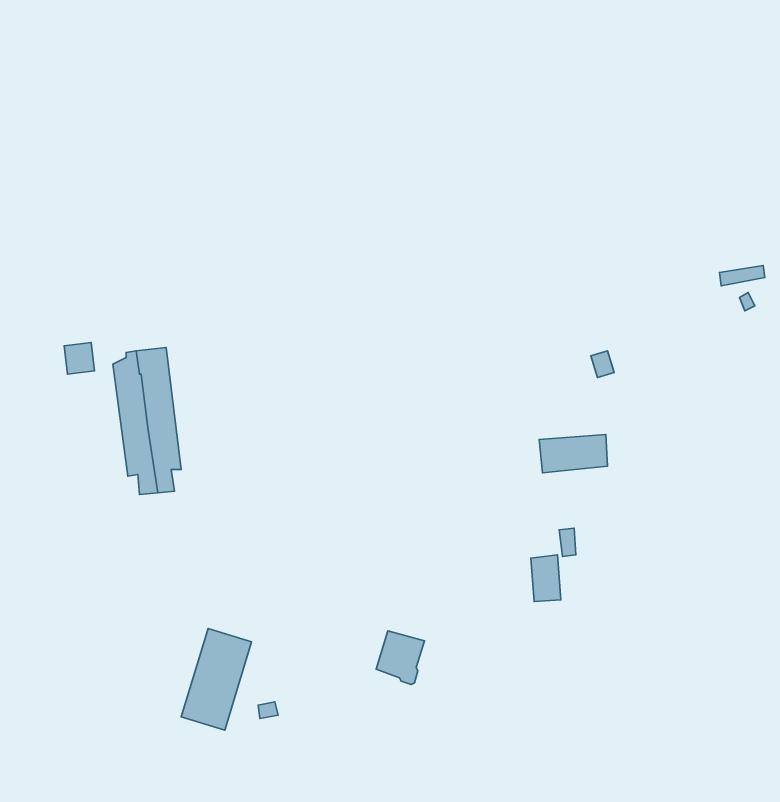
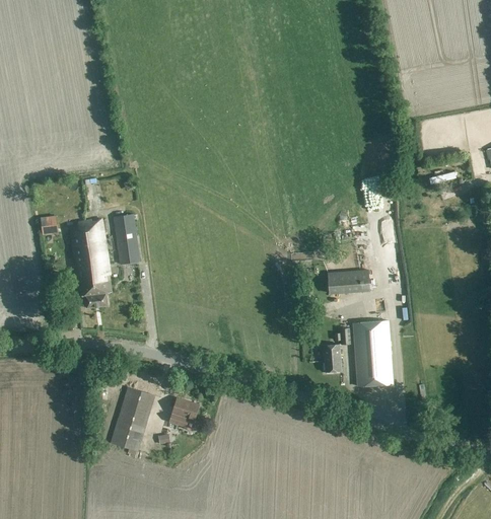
building: none -> [114,213,141,264]
building: none -> [354,320,394,385]
building: [376,631,425,684] -> [170,397,200,430]

